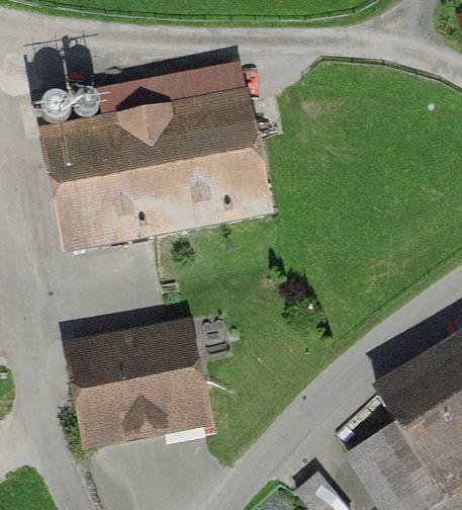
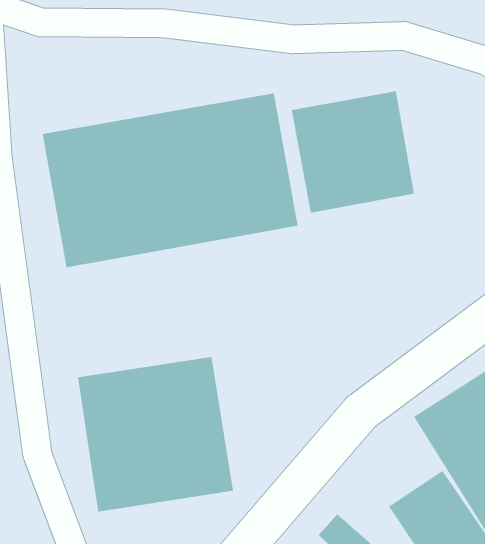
building: none -> [291,91,414,213]

